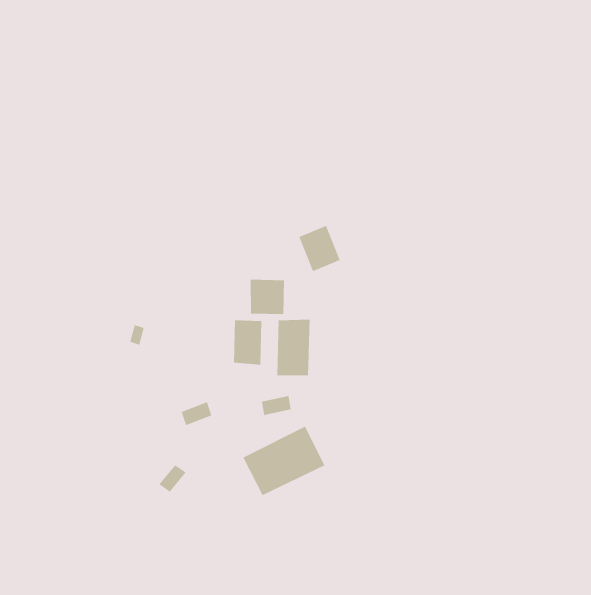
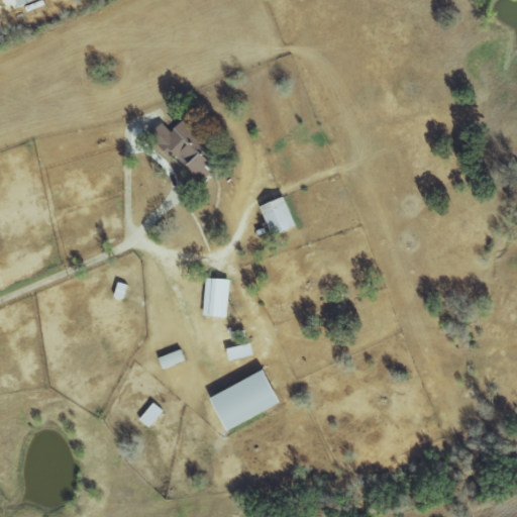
building: none -> [147,118,211,176]
building: [250,279,285,315] -> none
building: [277,319,310,376] -> none

